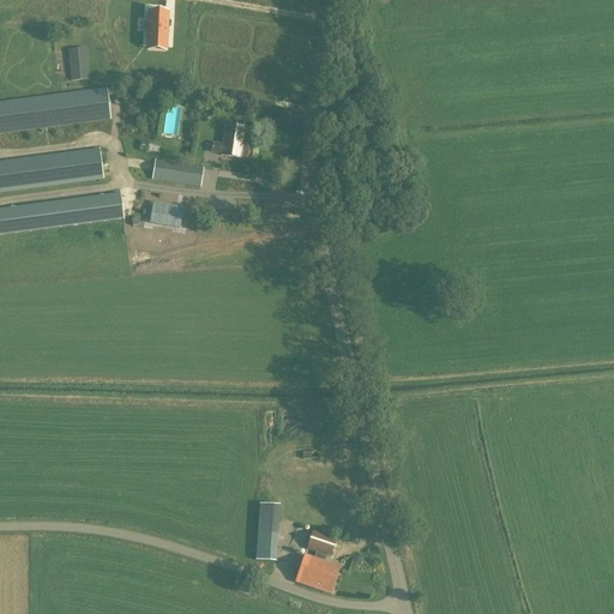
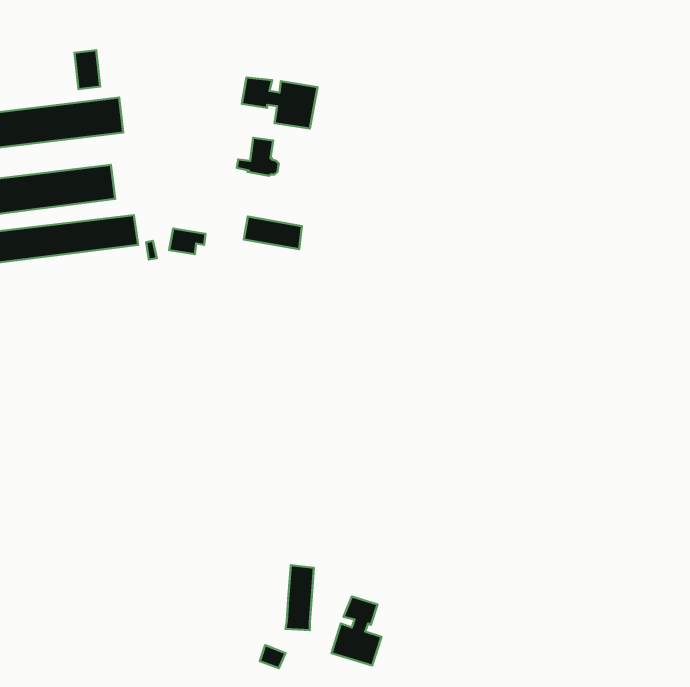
building: [146,8,167,40] -> none
building: none -> [242,77,317,129]
building: [150,157,201,186] -> [244,217,302,249]

